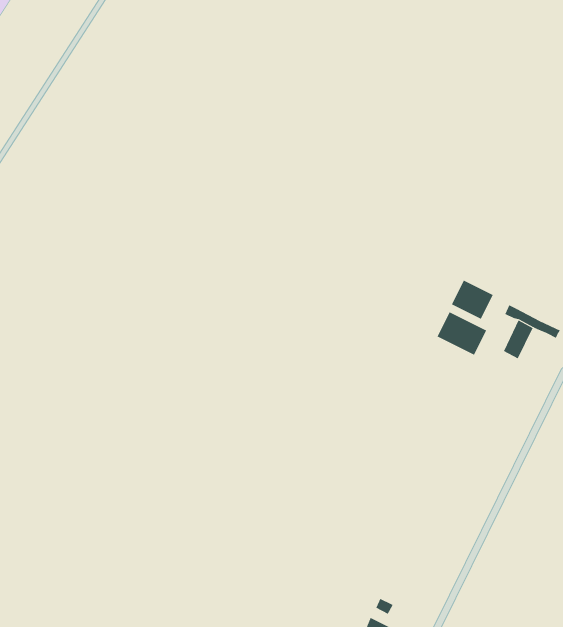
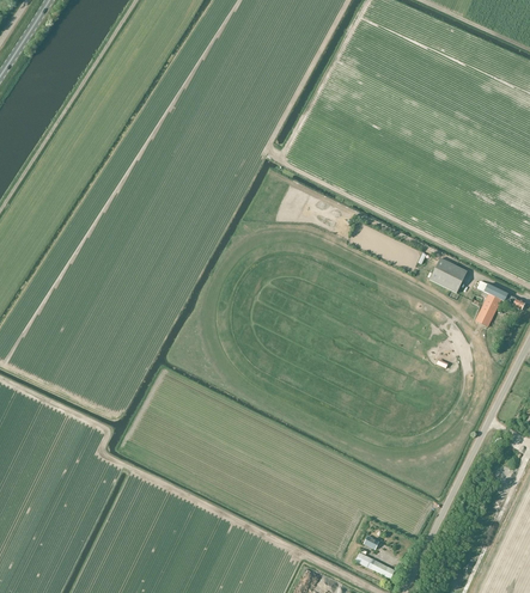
building: [437,312,487,356] -> none

